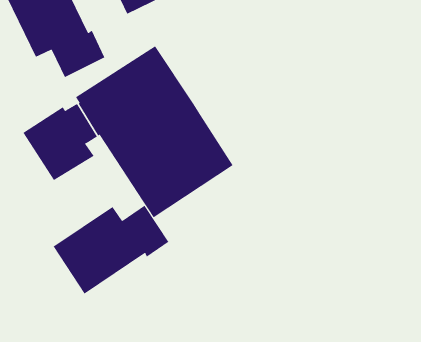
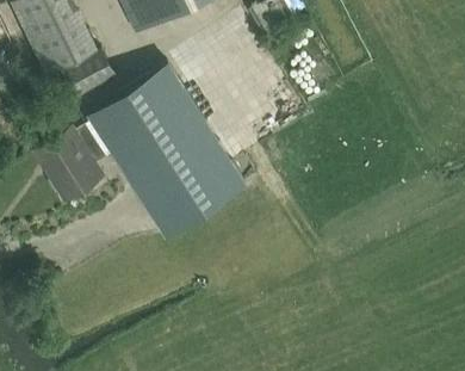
building: [53,205,169,295] -> none

